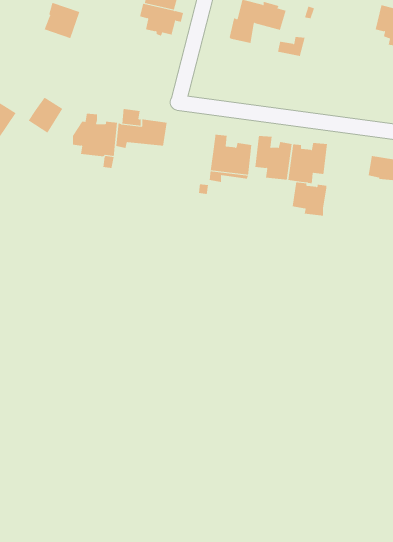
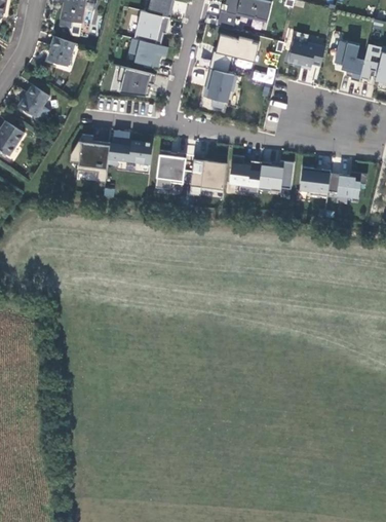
building: none -> [287,41,325,69]
building: none -> [116,66,155,96]
building: none -> [202,70,236,110]
building: [28,97,63,133] -> [16,86,47,118]
building: none -> [156,150,195,189]
building: [292,182,327,216] -> [301,166,332,196]

